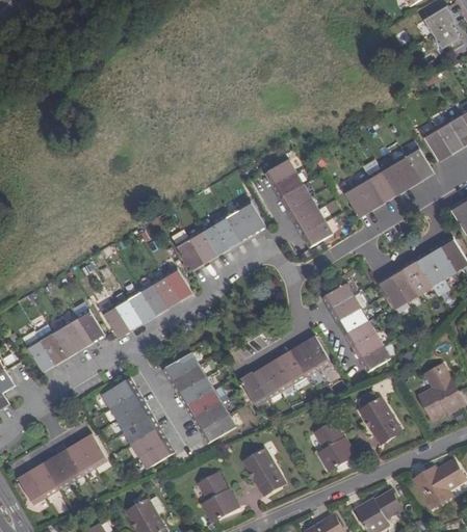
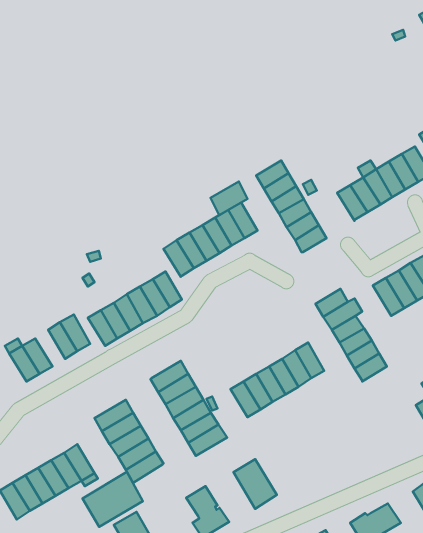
building: none -> [210,182,247,215]
building: [51,322,80,357] -> none
building: [101,377,138,407] -> none
building: [360,397,401,446] -> none
building: [313,422,354,473] -> none
building: none -> [82,472,143,527]

